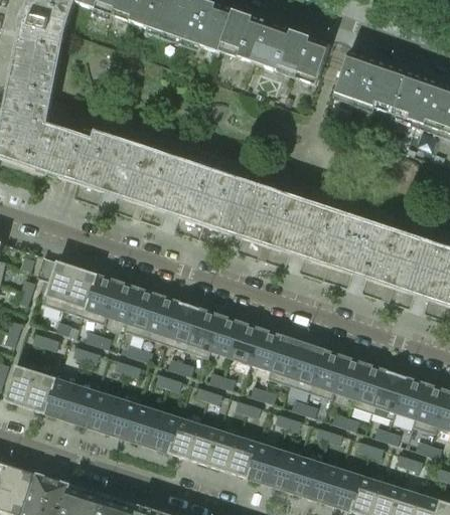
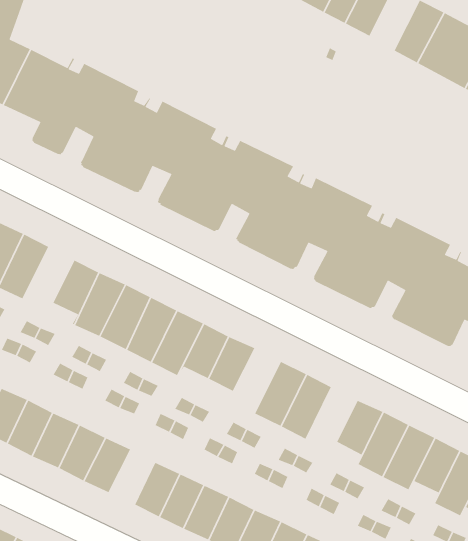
building: [84,275,118,324] -> none
building: [251,329,283,378] -> none
building: [310,350,344,399] -> none
building: [168,417,199,459] -> none

